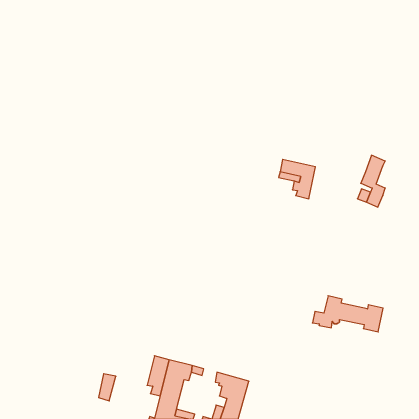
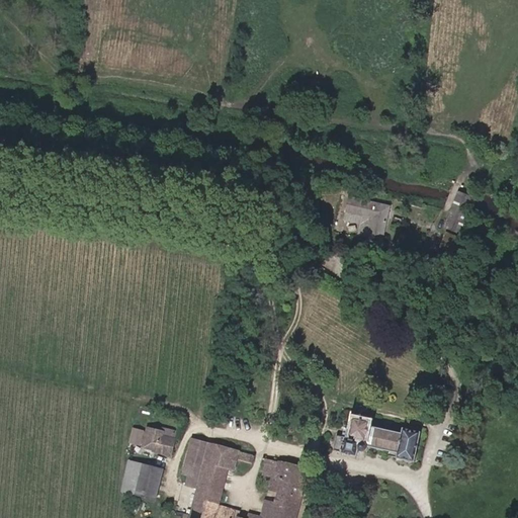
building: [312,296,383,332] -> [333,416,420,460]
building: none -> [130,428,174,452]
building: none -> [135,463,162,499]

